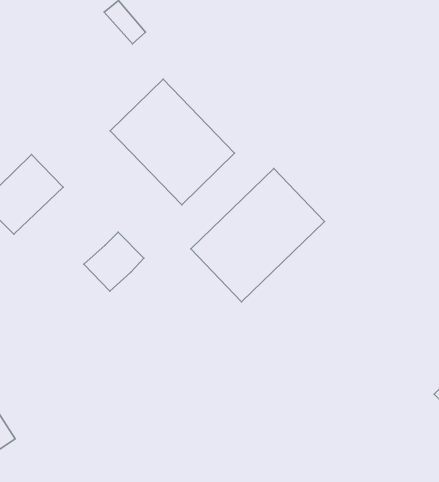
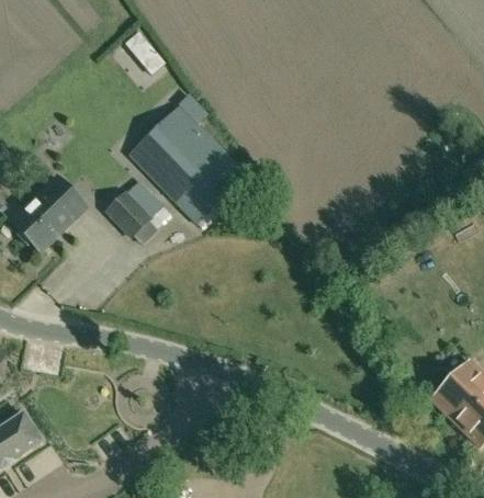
building: [191,169,325,302] -> none
building: [84,232,144,291] -> [105,181,161,236]

